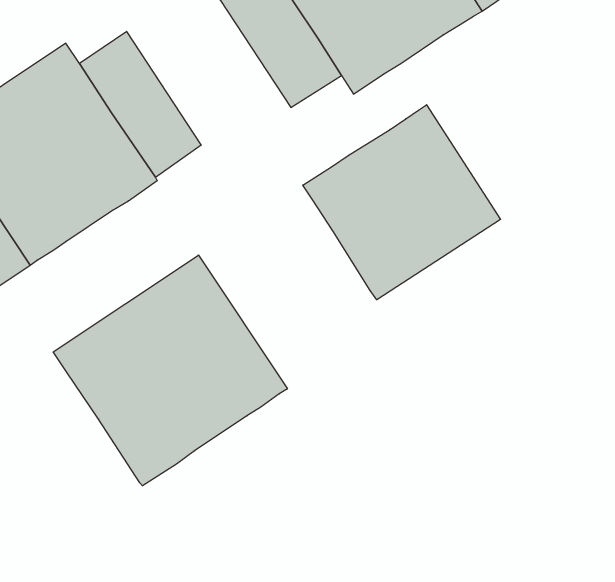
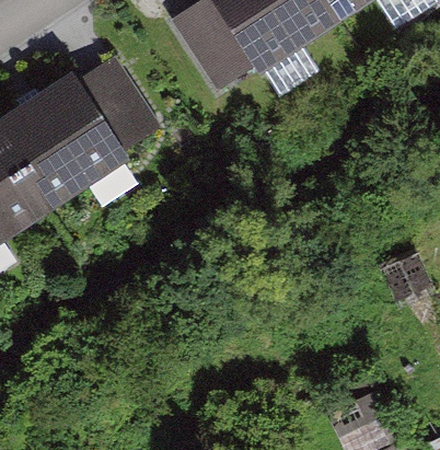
building: [303,105,501,300] -> none
building: [53,255,287,486] -> none

